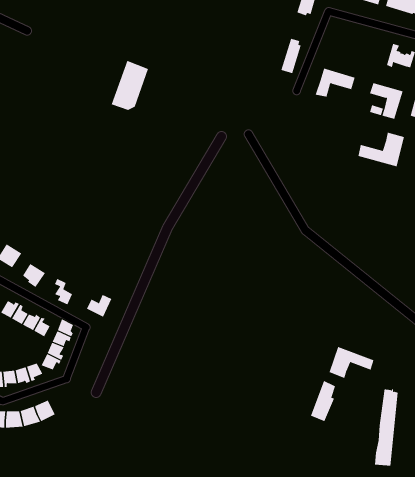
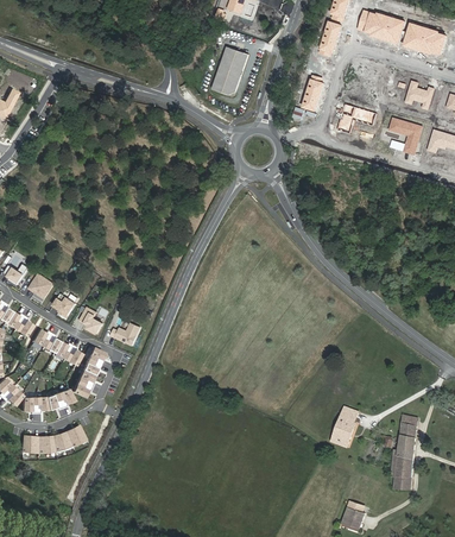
building: [111,60,149,111] -> [209,45,246,94]
building: [358,132,405,167] -> none
building: [329,346,374,379] -> none

